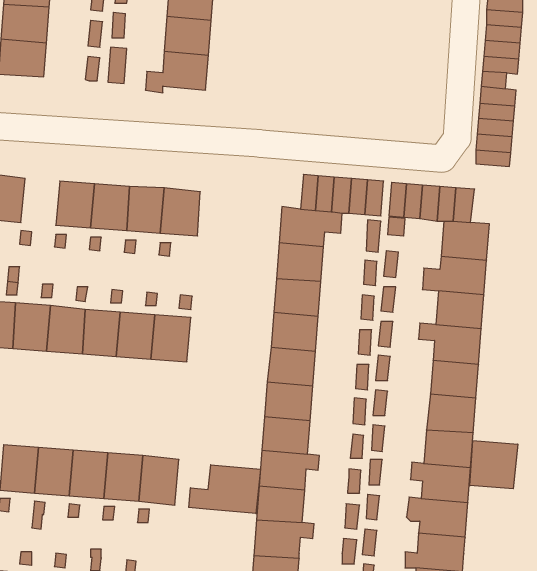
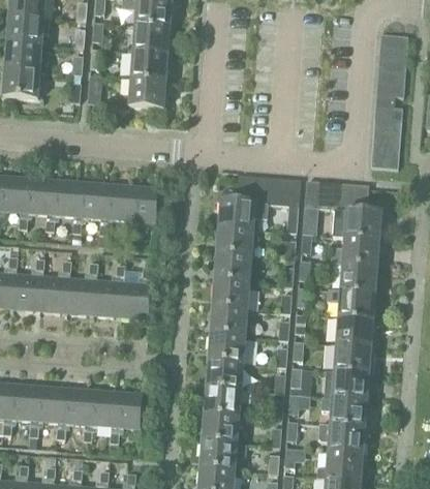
building: none -> [20,177,50,213]
building: [470,441,518,489] -> none
building: [189,465,260,514] -> none

